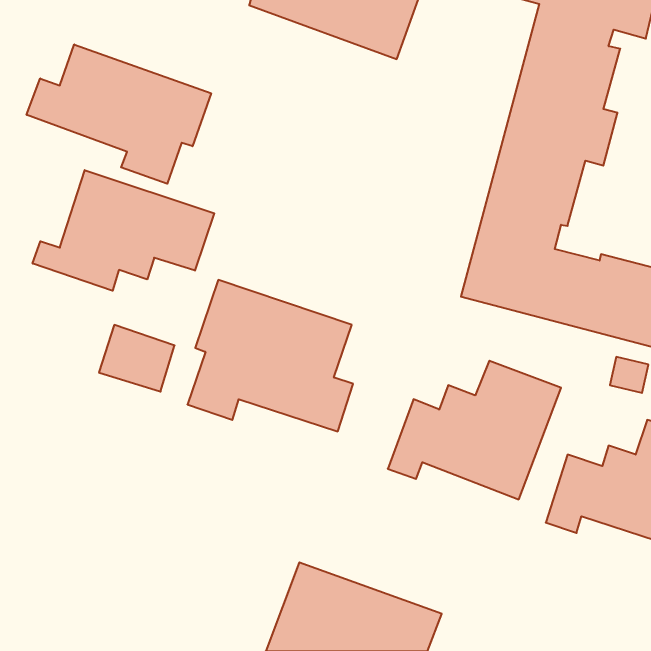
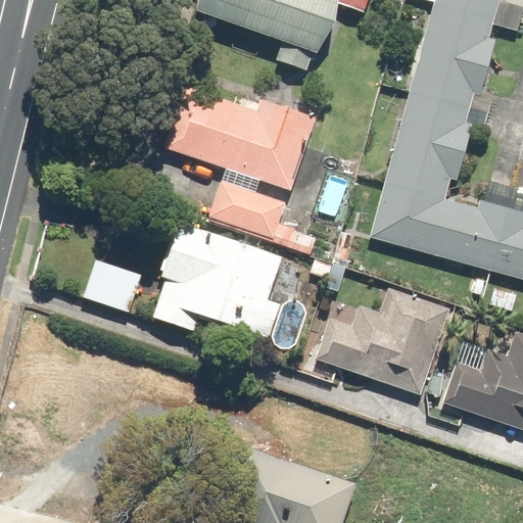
building: [27,44,211,184] -> none
building: none -> [163,86,316,248]
building: [33,170,214,291] -> none

